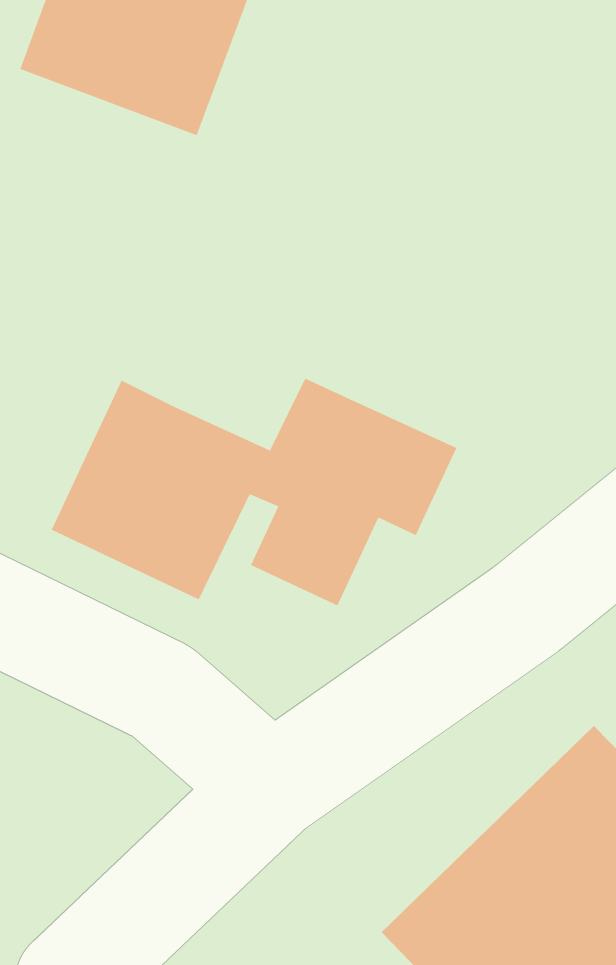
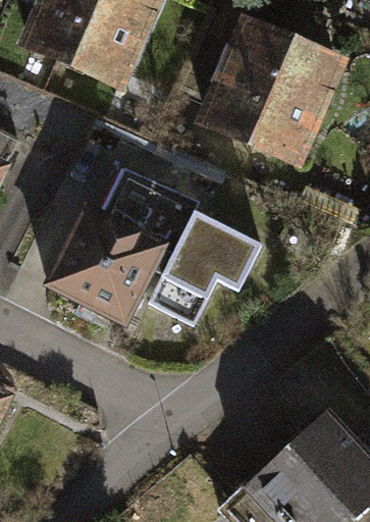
building: none -> [208,30,338,163]
building: none -> [113,172,204,247]

